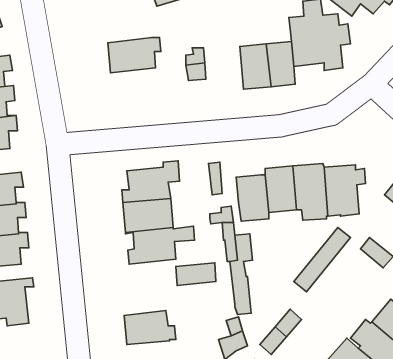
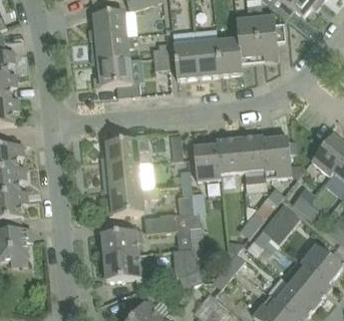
building: none -> [89,11,125,39]
building: none -> [173,42,199,78]
building: none -> [92,59,139,97]
building: none -> [253,204,300,253]
building: none -> [100,229,141,257]

